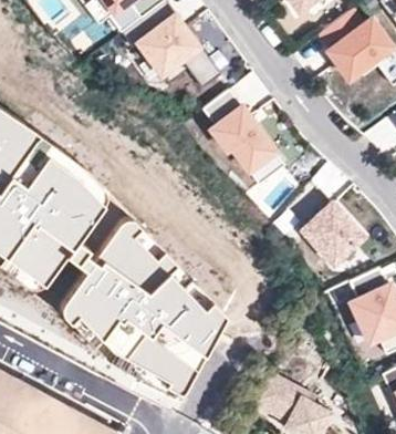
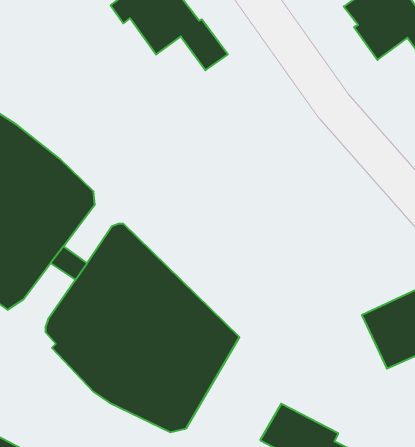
building: [204,92,285,187] -> none
building: [303,206,364,267] -> none

